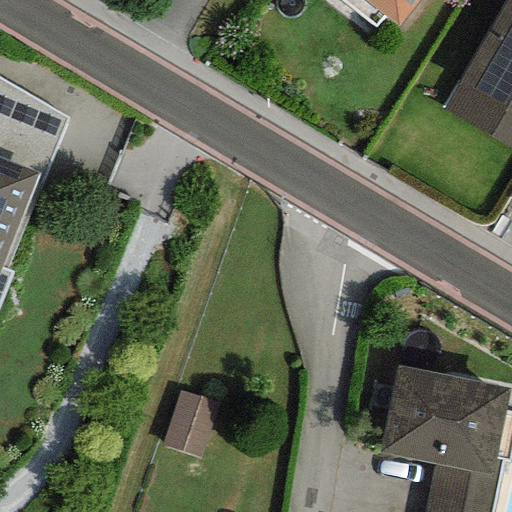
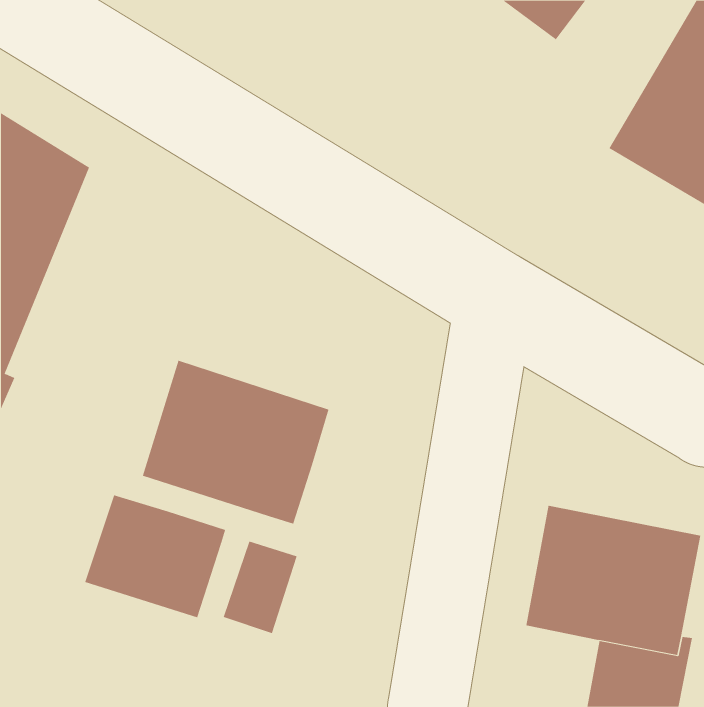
building: none -> [142,360,329,524]
building: none -> [85,494,226,618]

